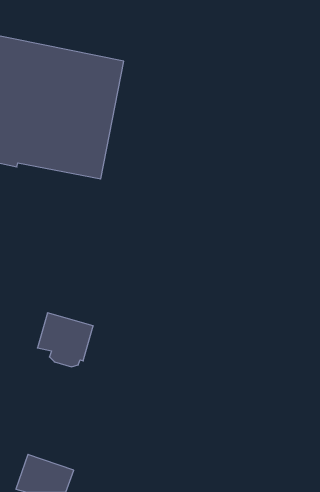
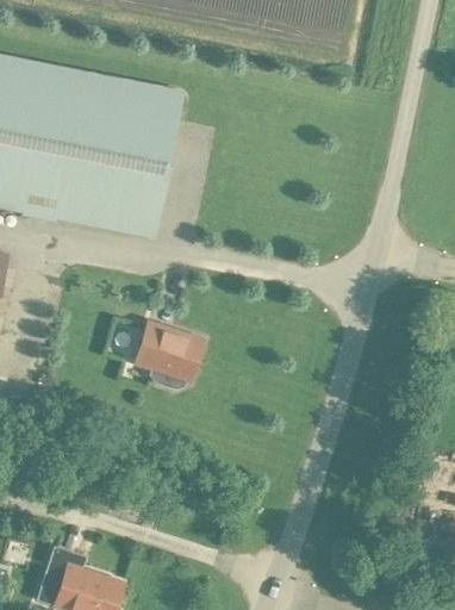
building: [37,313,93,367] -> [133,323,200,387]

